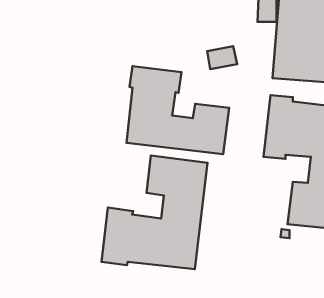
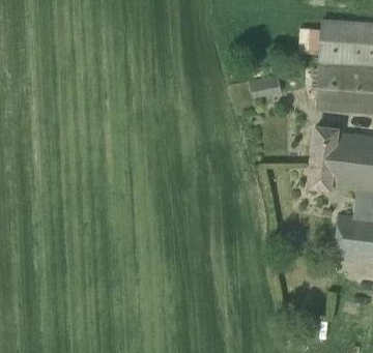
building: [126,66,229,154] -> none
building: [101,156,207,269] -> none

